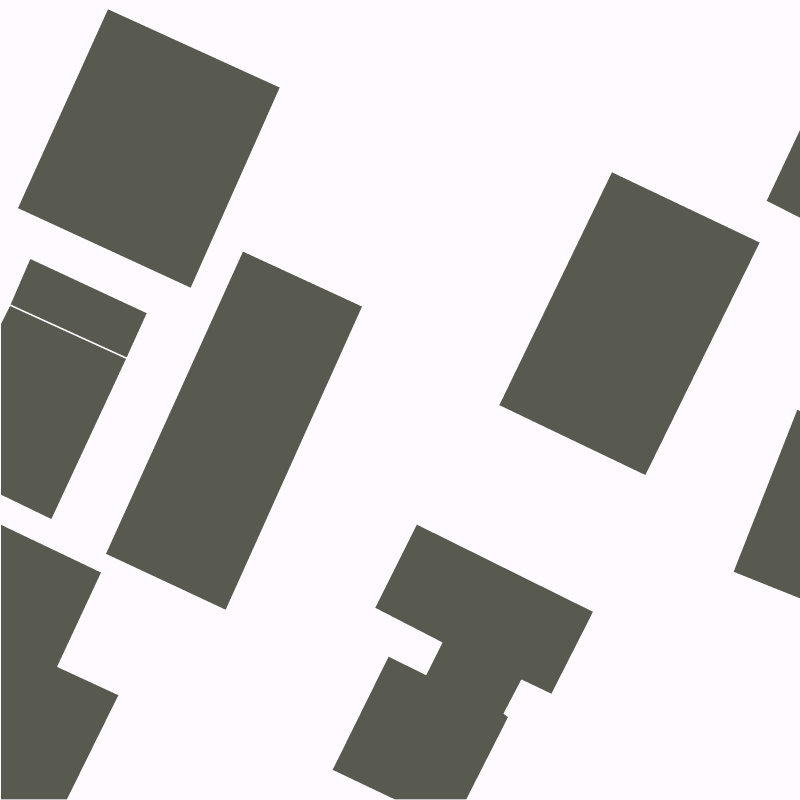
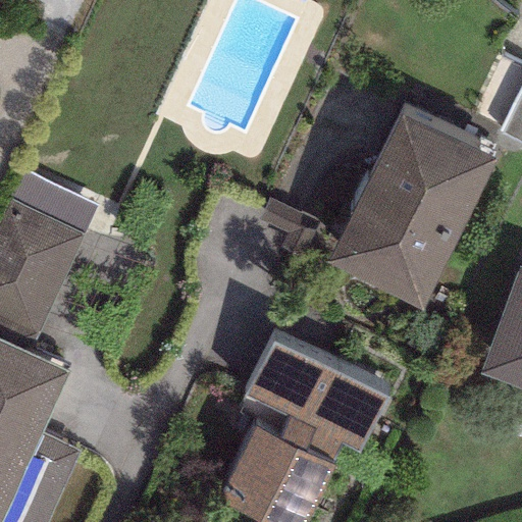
building: [17,8,281,289] -> none
building: [105,250,363,611] -> none

